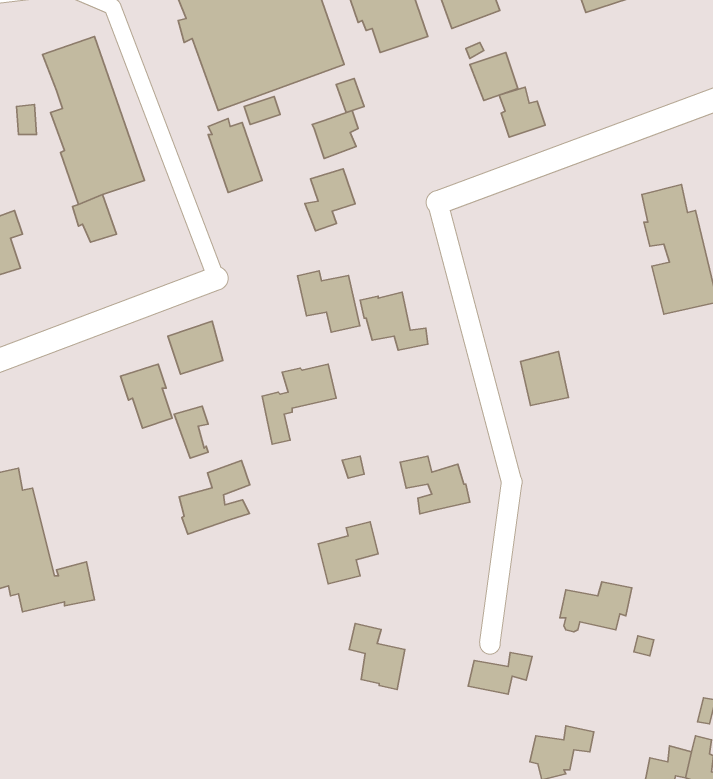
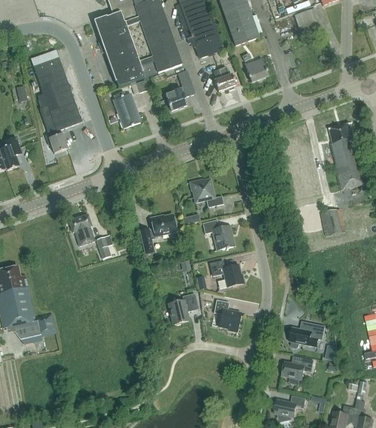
building: [499,87,545,137] -> [213,66,236,91]
building: [305,169,355,231] -> none
building: [298,271,360,332] -> none
building: [168,321,223,374] -> none
building: [521,352,568,406] -> [321,207,345,234]
building: none -> [202,218,235,249]
building: [179,461,250,534] -> none
building: [349,623,405,689] -> [213,298,241,331]
building: [468,652,532,694] -> [282,357,314,378]

